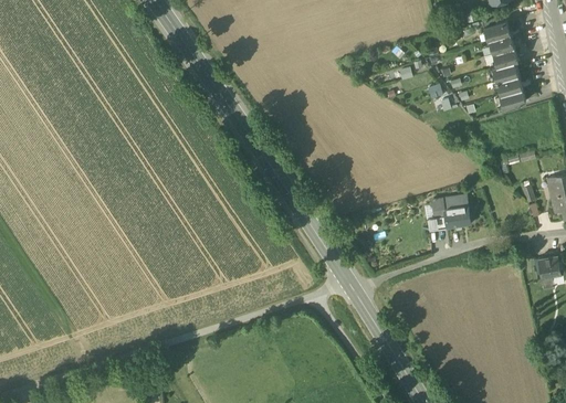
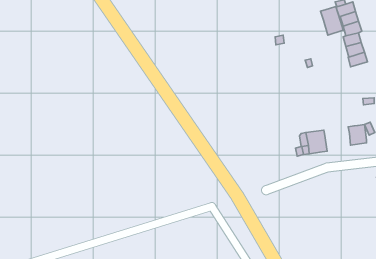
building: none -> [320,6,343,35]
building: none -> [348,124,367,145]

